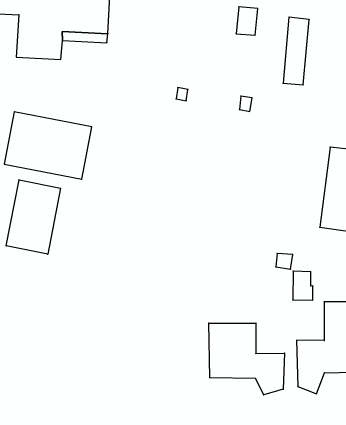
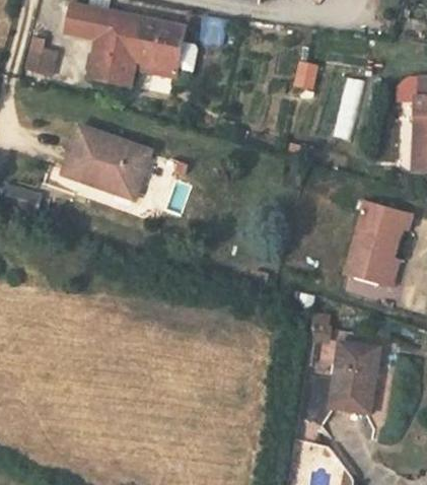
building: [6,180,61,254] -> none
building: [209,323,285,395] -> none

